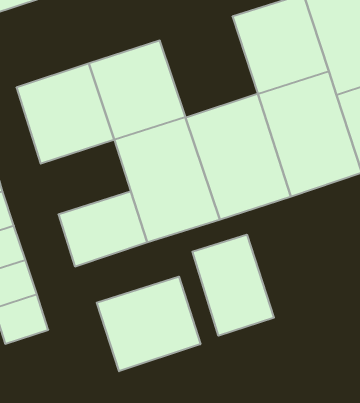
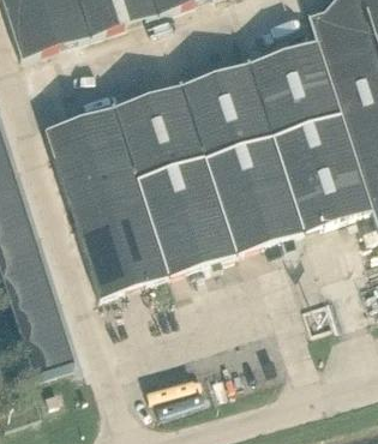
building: none -> [181,60,274,156]
building: none -> [68,176,154,247]
building: [192,235,274,336] -> none
building: [97,277,200,371] -> none

